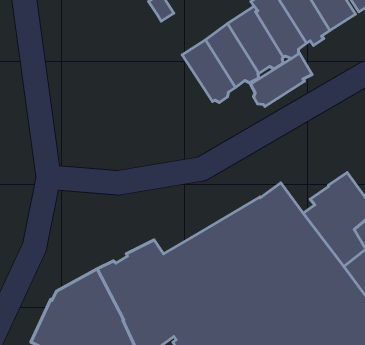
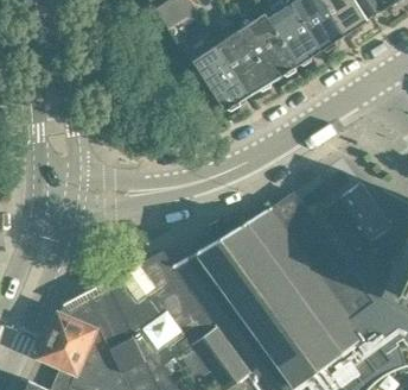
building: [250,53,312,107] -> none

